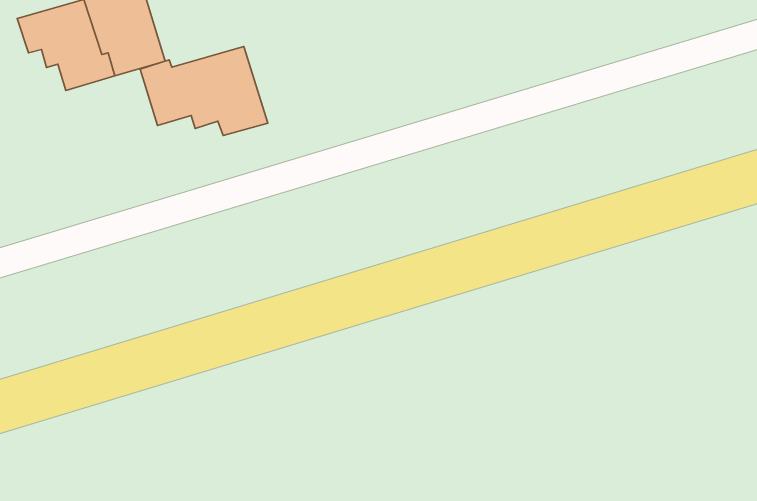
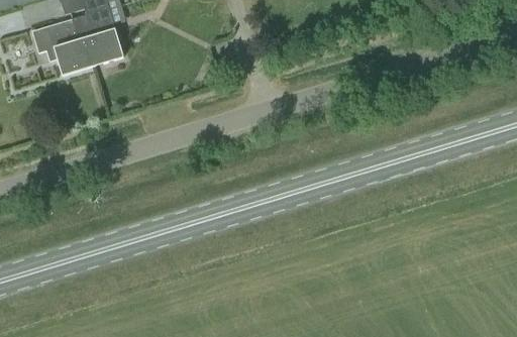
building: [140,47,268,136] -> none

